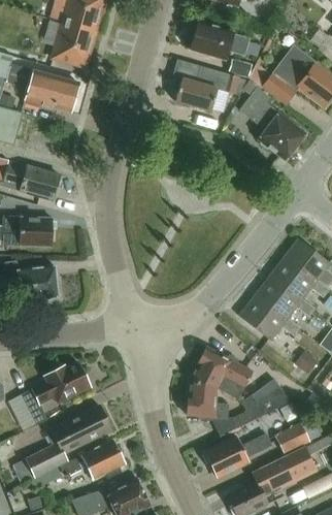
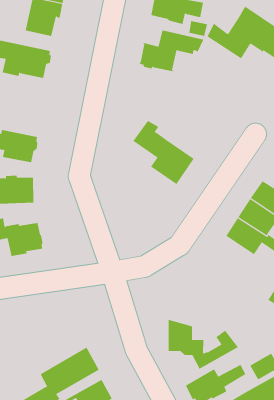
building: [238,89,304,161] -> [133,120,194,185]
building: [240,294,300,337] -> none
building: [188,347,251,398] -> none
building: [21,362,90,426] -> none
building: [250,380,288,416] -> none

